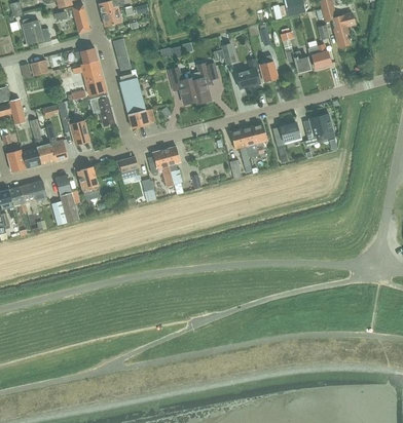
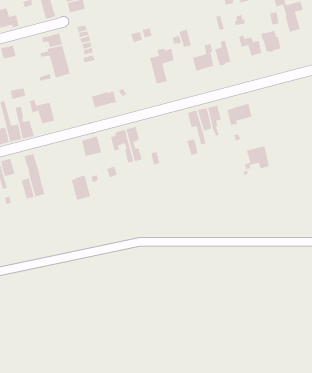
building: [169,67,197,103] -> none
building: [119,77,146,114] -> none
building: [89,94,115,125] -> none
building: [305,113,334,146] -> [243,145,270,176]
building: [77,166,99,194] -> [71,175,91,201]

